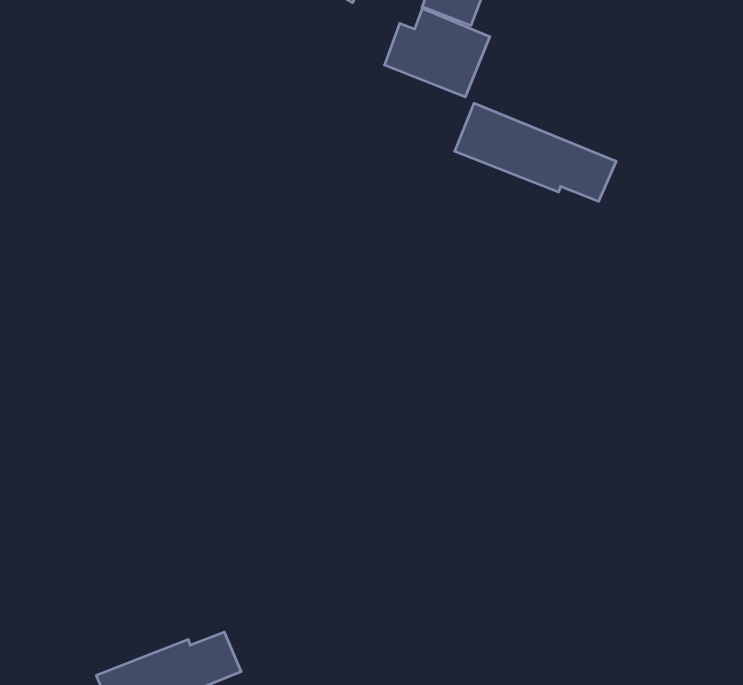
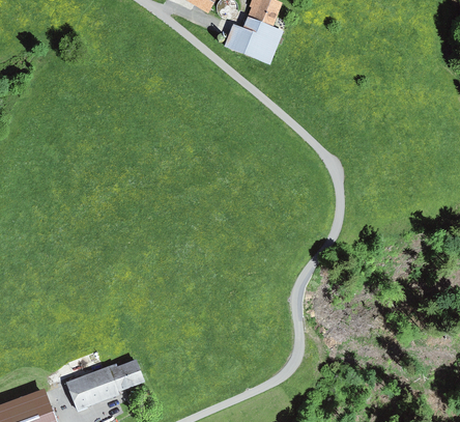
building: [455,103,616,201] -> none

